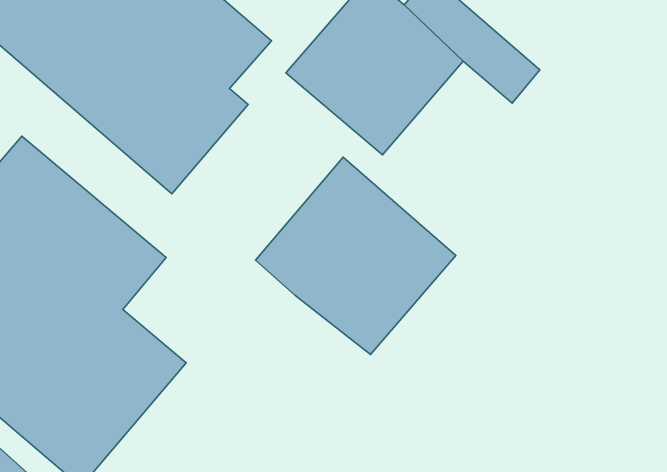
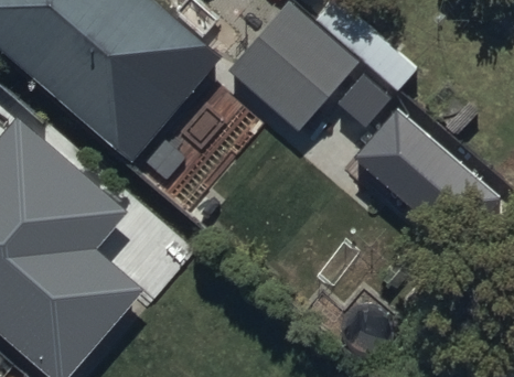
building: none -> [350,107,496,247]
building: [255,157,456,355] -> none

